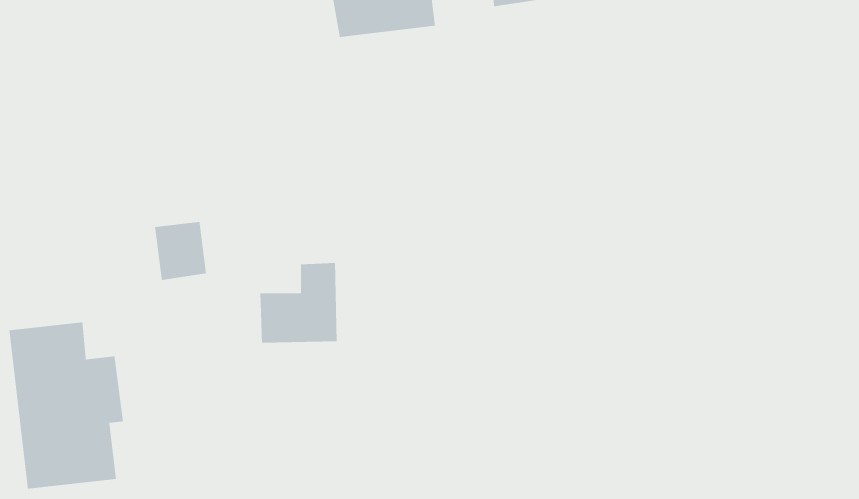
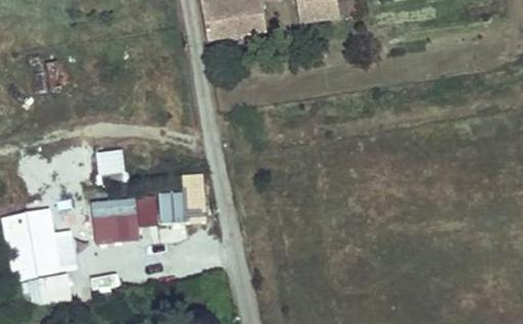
building: none -> [90,193,159,242]

